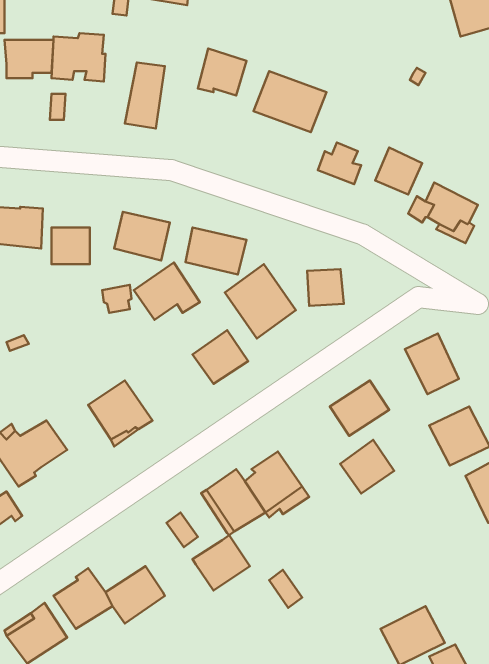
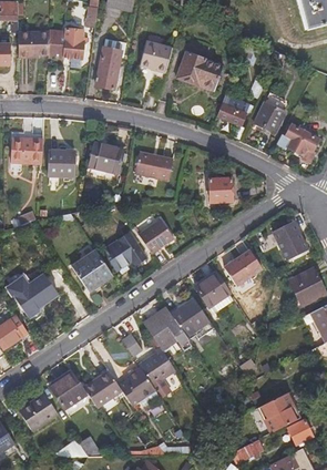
building: [134,262,200,320] -> [102,232,144,268]
building: [225,264,296,338] -> none
building: [340,440,394,494] -> [195,270,229,305]
building: none -> [119,367,153,402]

